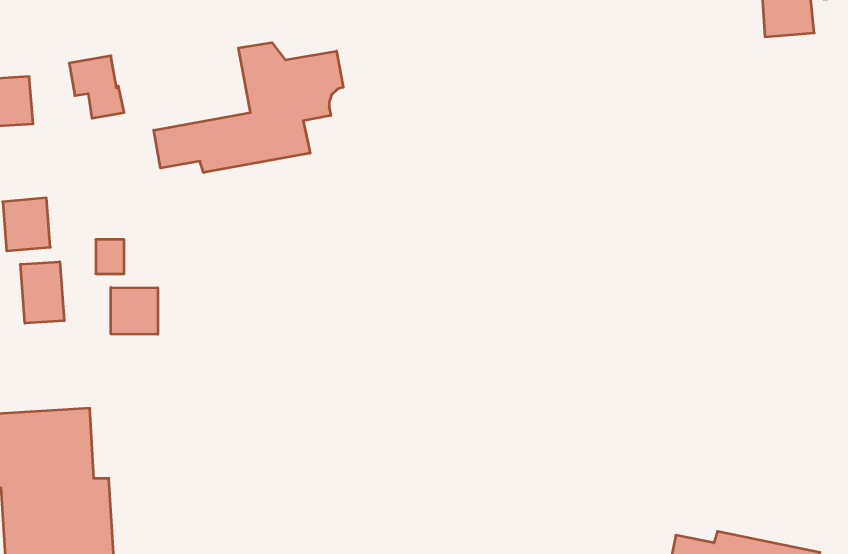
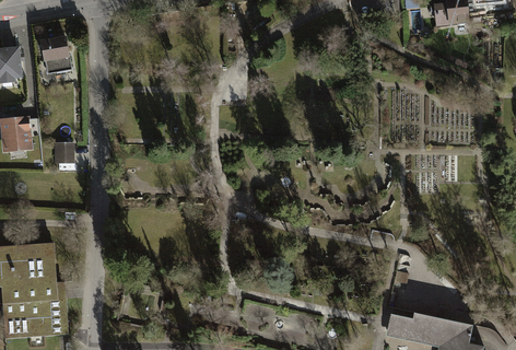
building: [154,43,343,173] -> none
building: [20,262,64,323] -> none
building: [111,287,158,334] -> none

